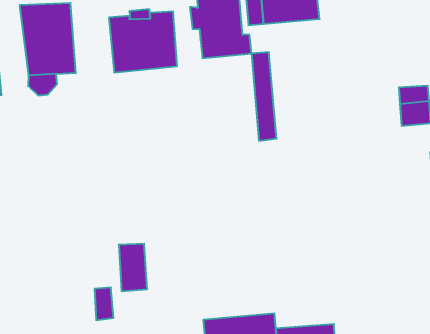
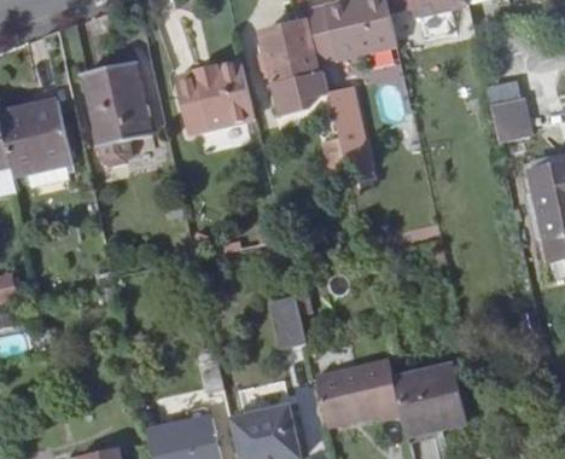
building: [119,244,147,291] -> [268,296,304,349]

